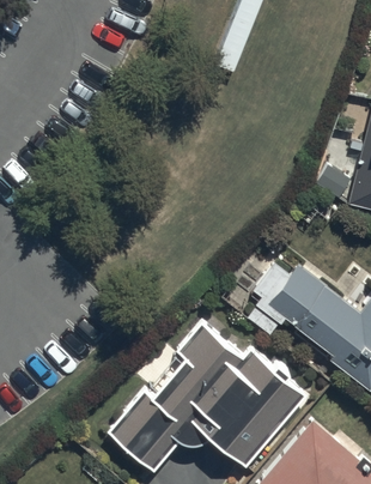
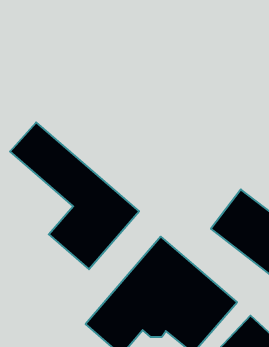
building: none -> [10,122,139,269]

